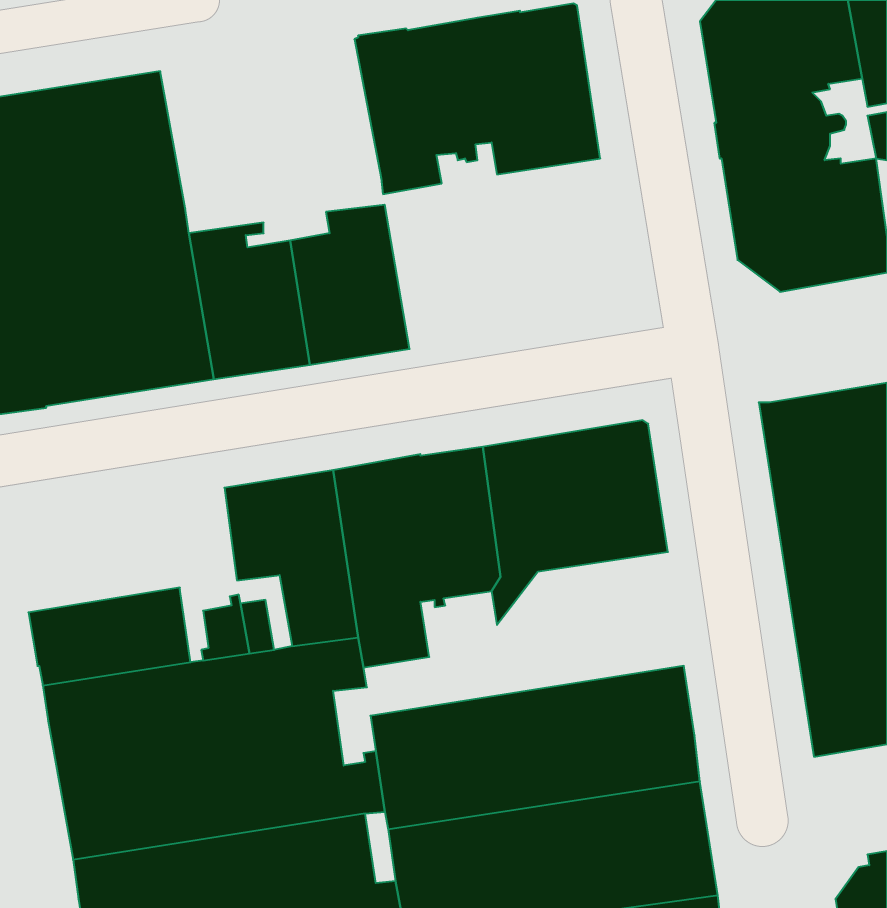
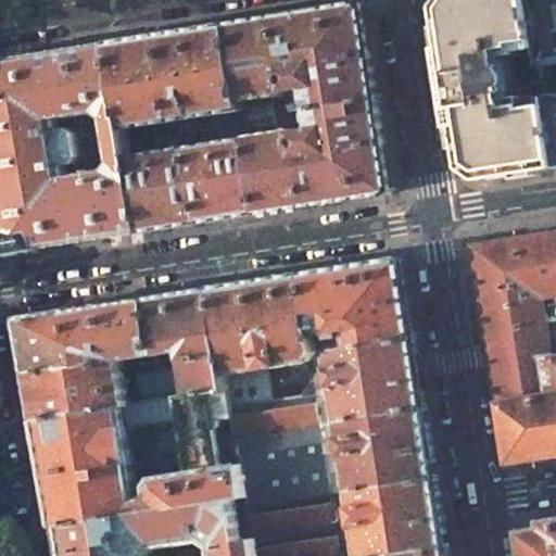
building: none -> [98,25,232,137]
building: none -> [233,98,381,214]
building: none -> [8,299,144,375]
building: none -> [222,338,417,438]

